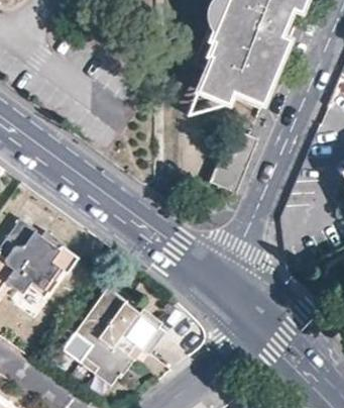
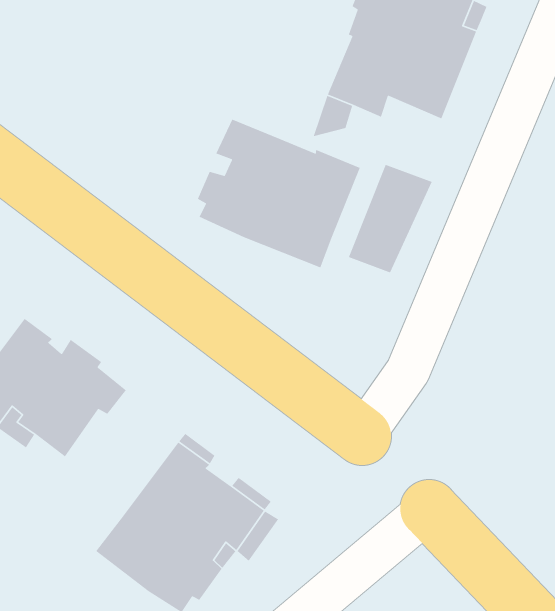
building: none -> [197,119,361,268]

